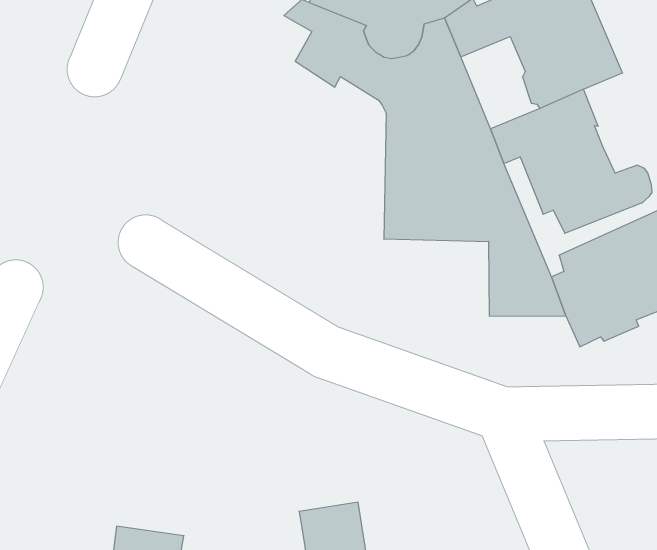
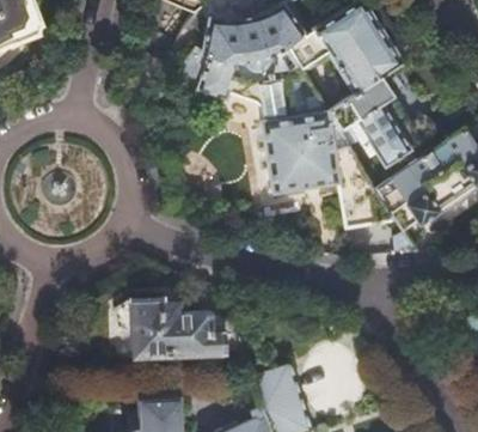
building: none -> [117,300,244,360]

